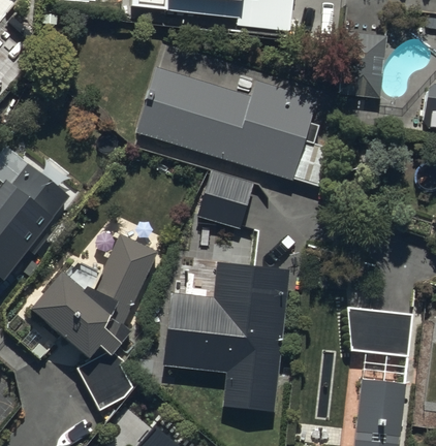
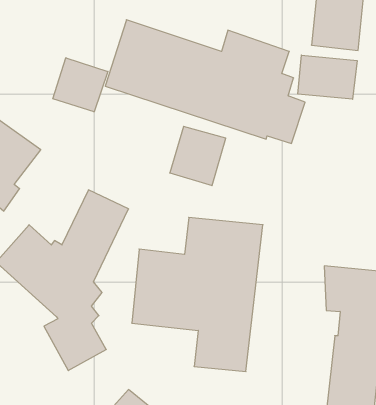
building: none -> [298,55,357,99]
building: none -> [53,58,108,112]

